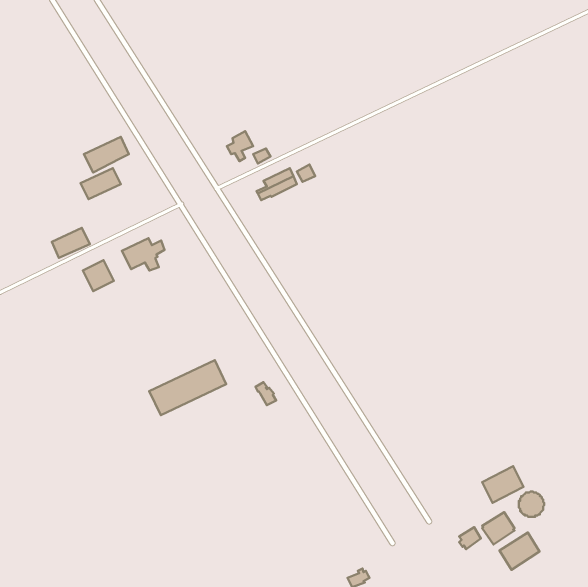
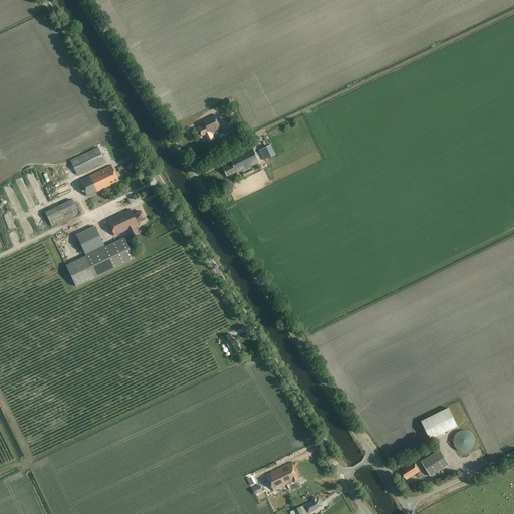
building: [84,137,129,173] -> [79,165,118,196]
building: [149,360,226,415] -> [66,237,134,285]
building: none -> [266,462,299,490]
building: [500,532,540,570] -> none

